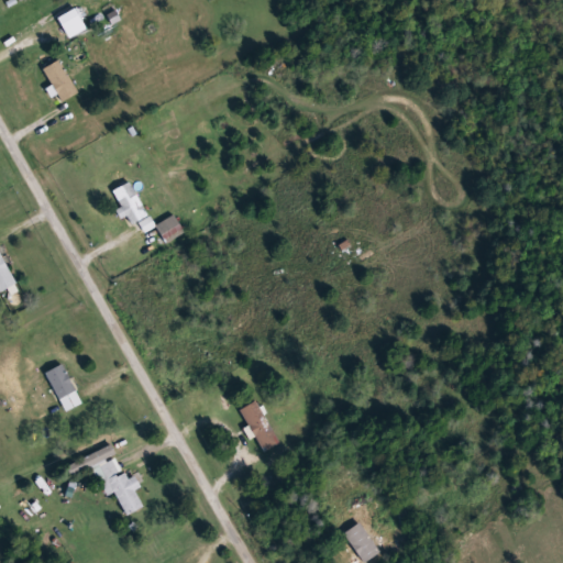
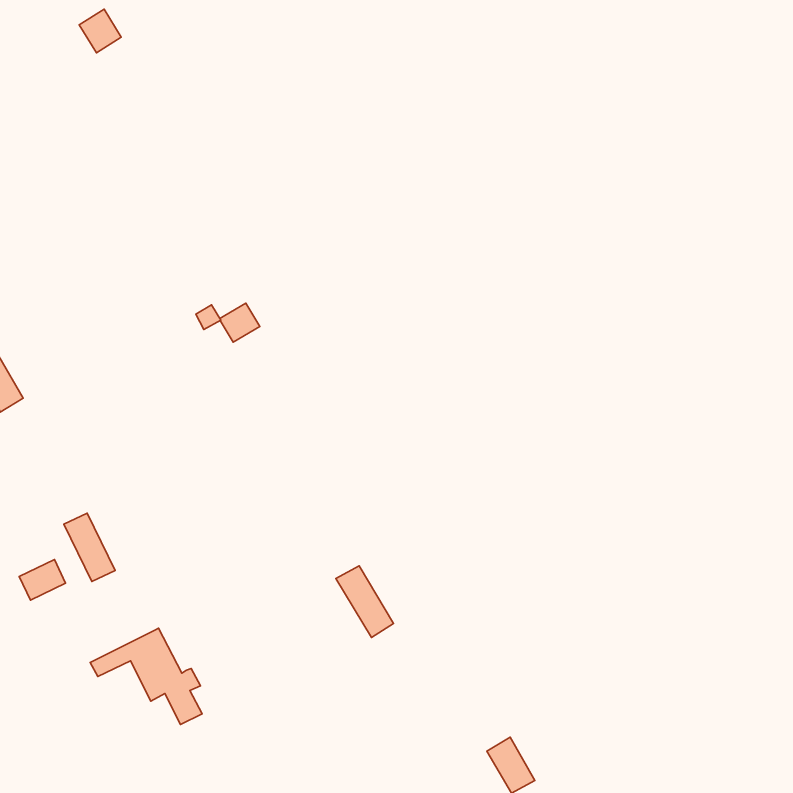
building: [43,58,77,101] -> none
building: [111,180,147,223] -> none
building: none -> [19,560,65,600]

